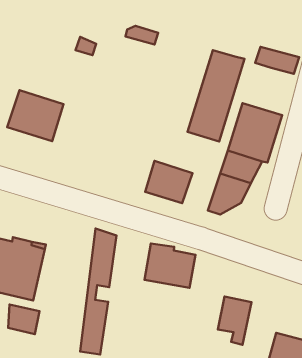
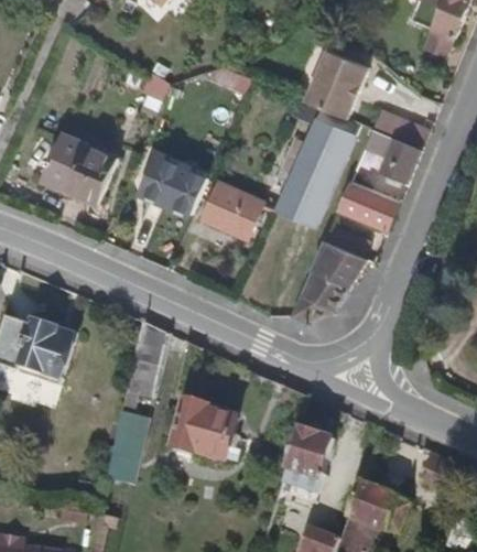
building: none -> [305,51,367,118]
building: none -> [378,138,420,180]
building: none -> [140,152,207,214]
building: [145,161,193,203] -> [202,180,265,238]
building: [144,243,196,288] -> [171,400,240,463]
building: [8,305,40,334] -> none

